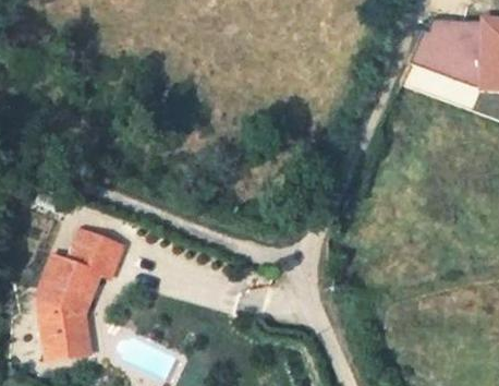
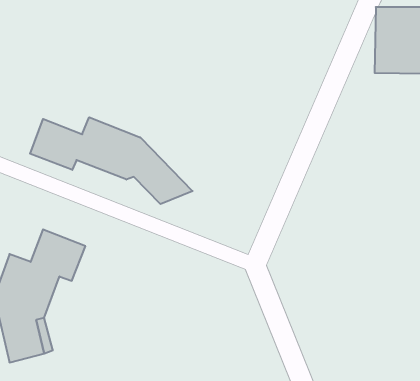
building: none -> [30,117,193,204]

